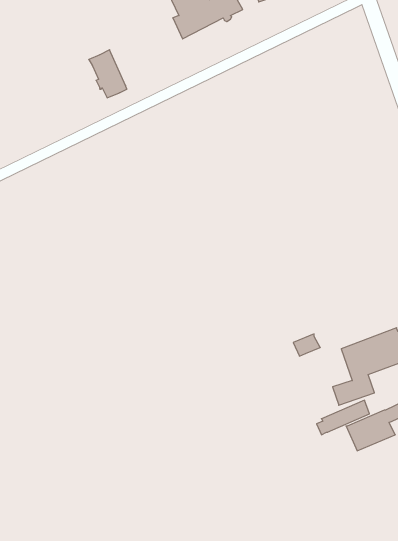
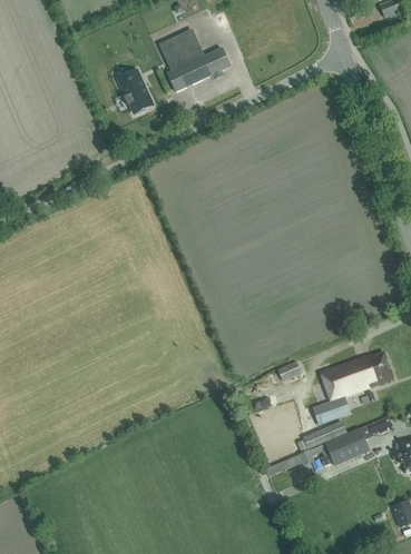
building: [89,50,127,98] -> [118,69,153,112]

